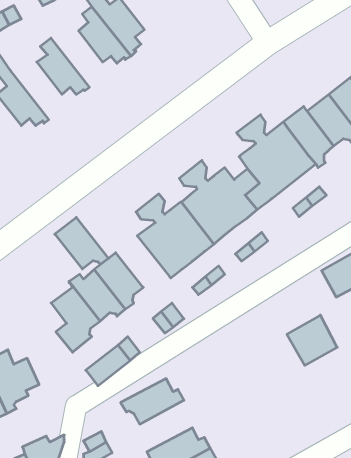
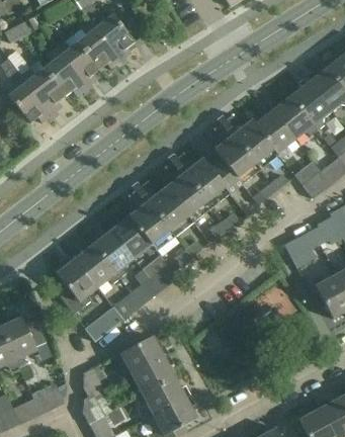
building: none -> [56,40,99,89]
building: none -> [21,67,65,116]
building: [55,217,109,269] -> [110,214,156,258]
building: none -> [131,353,175,397]

